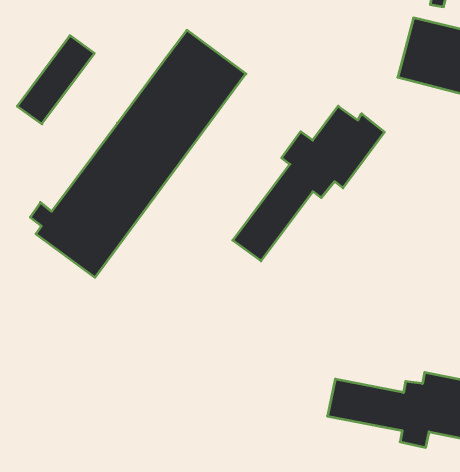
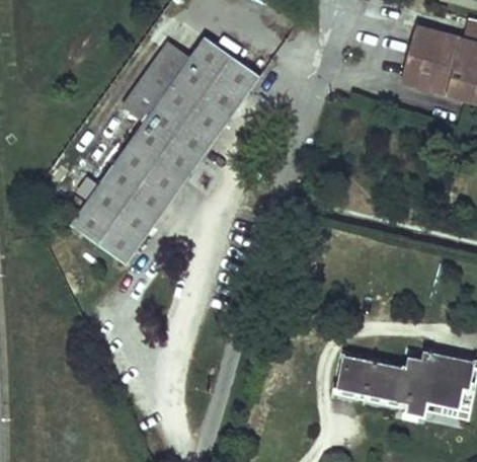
building: [17,36,94,124] -> [123,44,192,124]
building: [233,106,384,261] -> none

